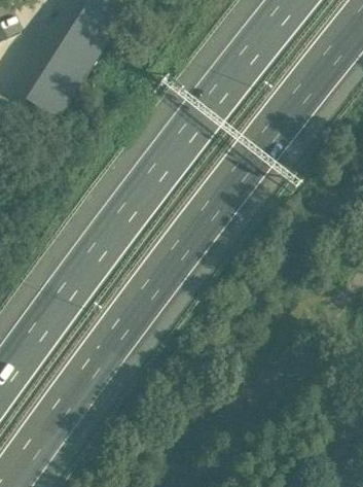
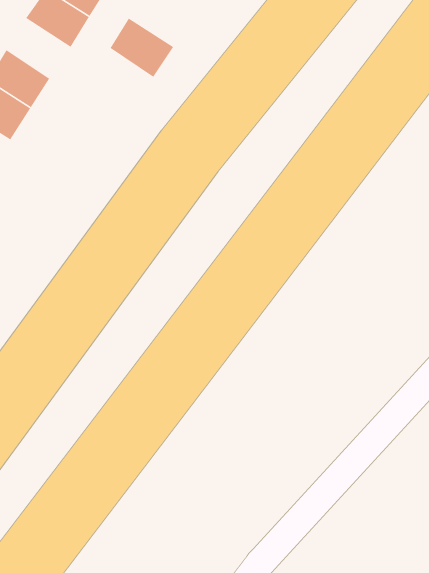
building: [36,54,81,96] -> [110,17,174,78]

